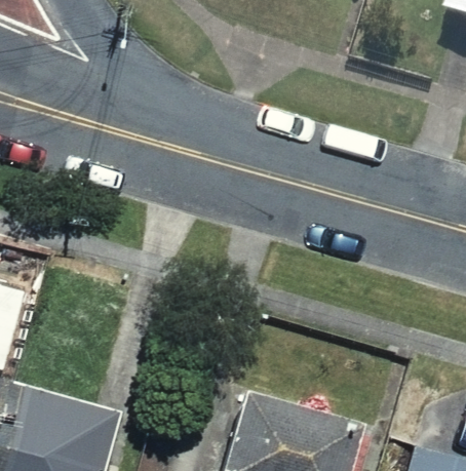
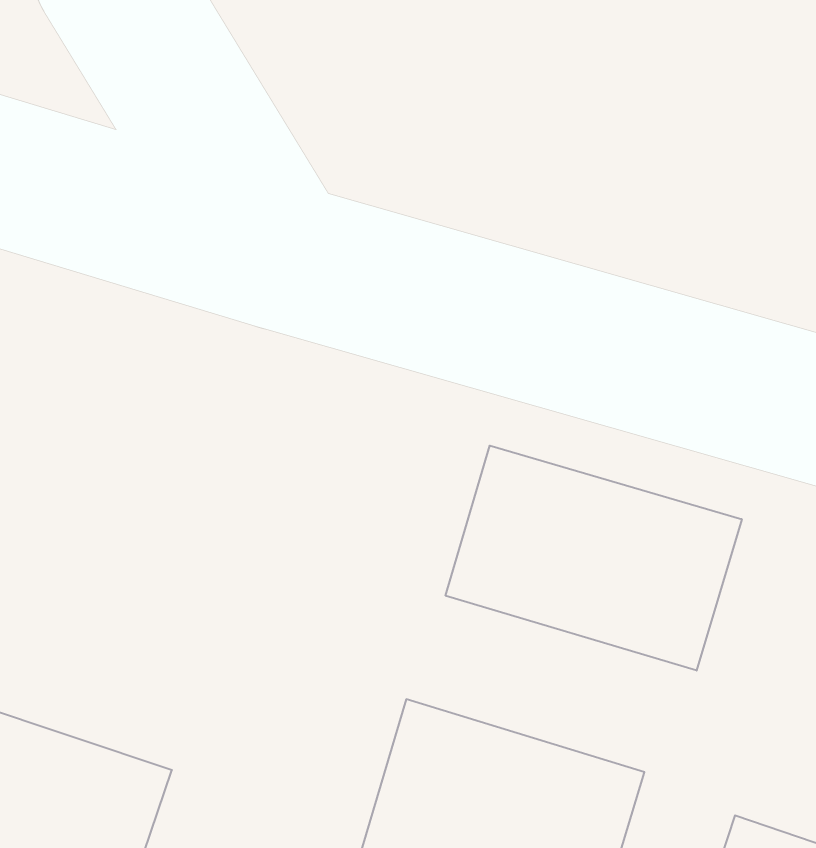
building: none -> [446,446,742,671]

